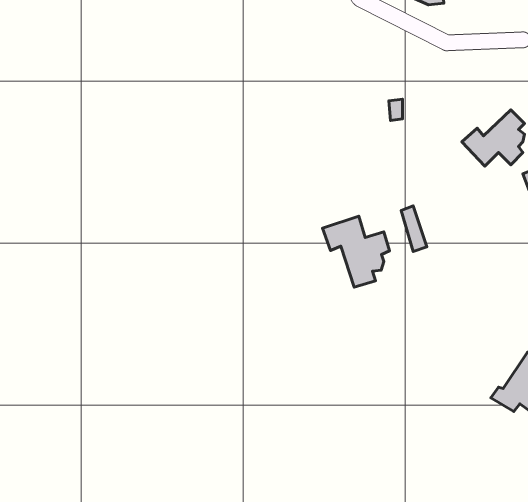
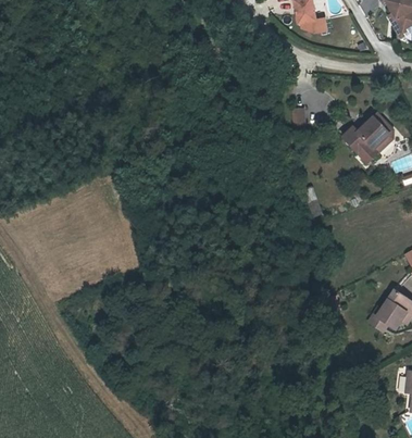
building: [323,216,390,287] -> none

